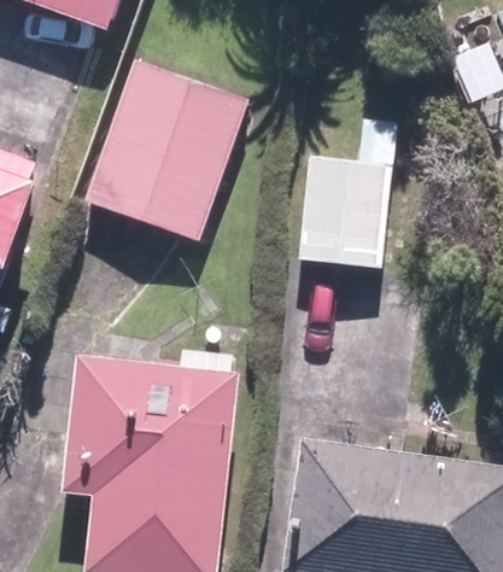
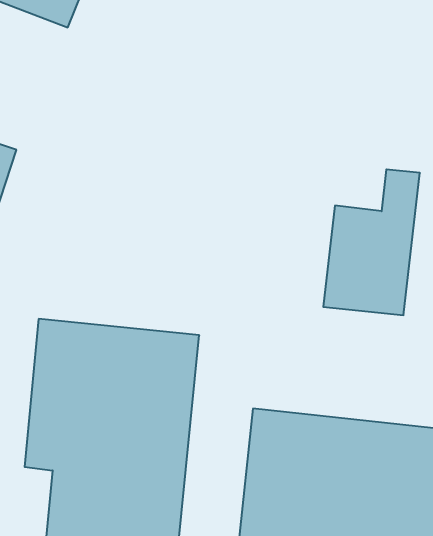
building: [84,63,250,244] -> none
building: [286,121,386,272] -> [323,169,420,315]

